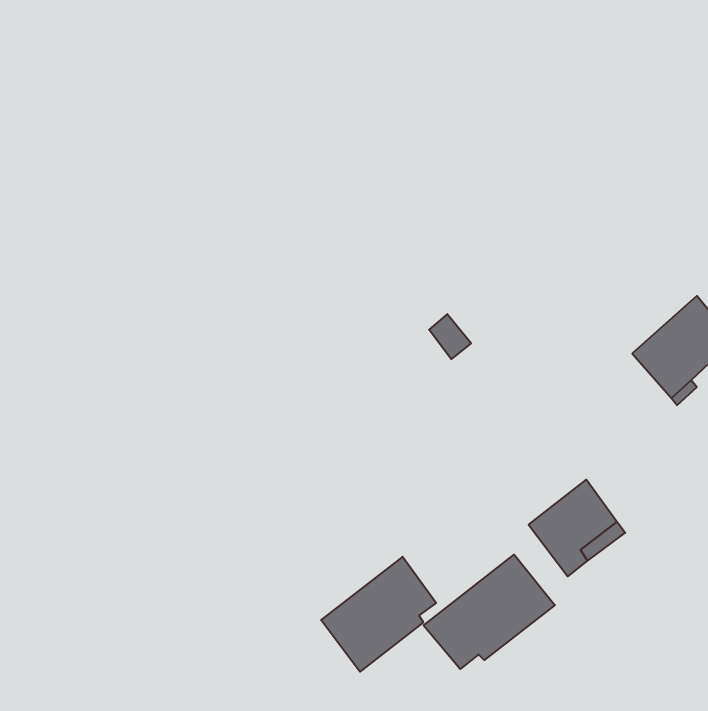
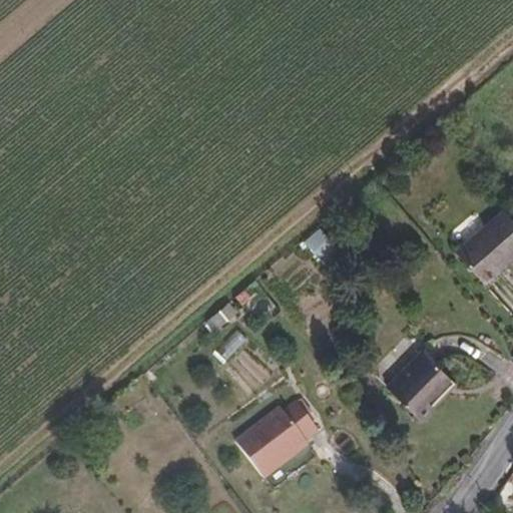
building: [424,555,555,669] -> none

